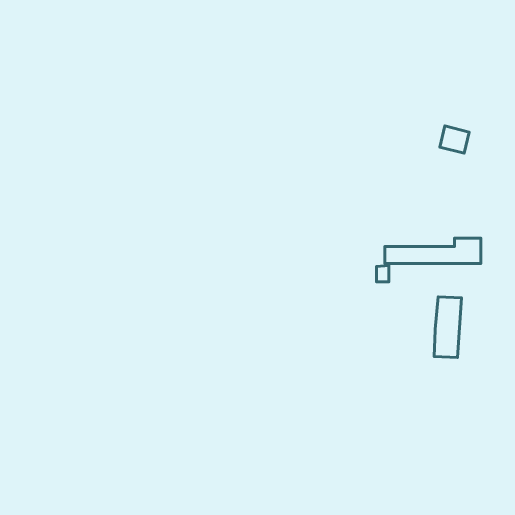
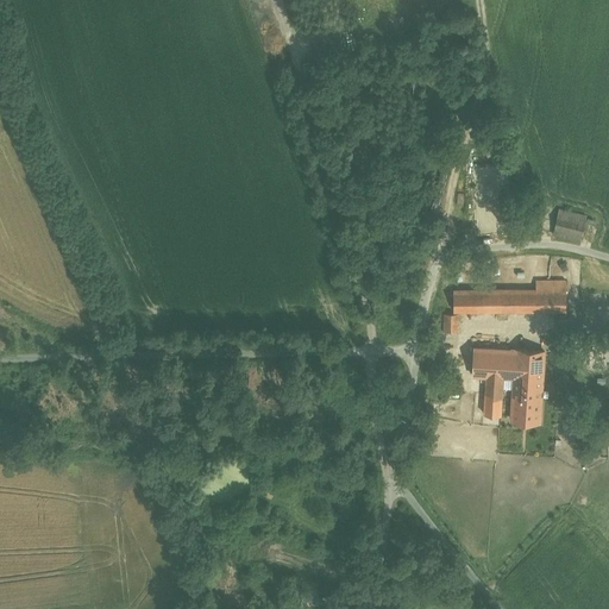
building: [440,126,469,153] -> [552,211,586,243]
building: none -> [472,349,516,416]

